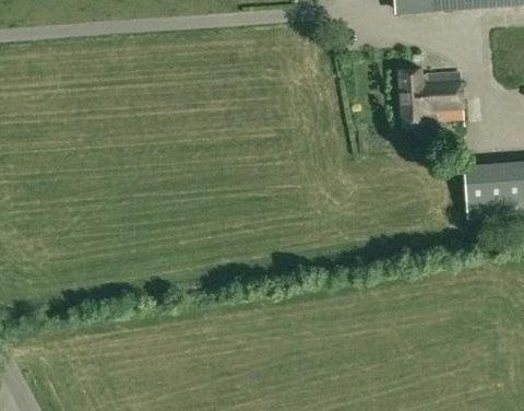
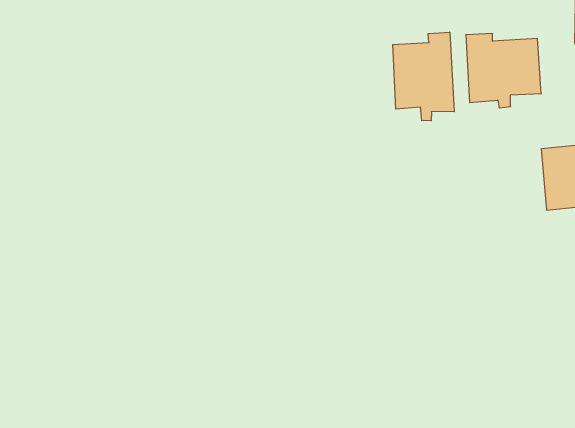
building: none -> [393,32,454,121]

